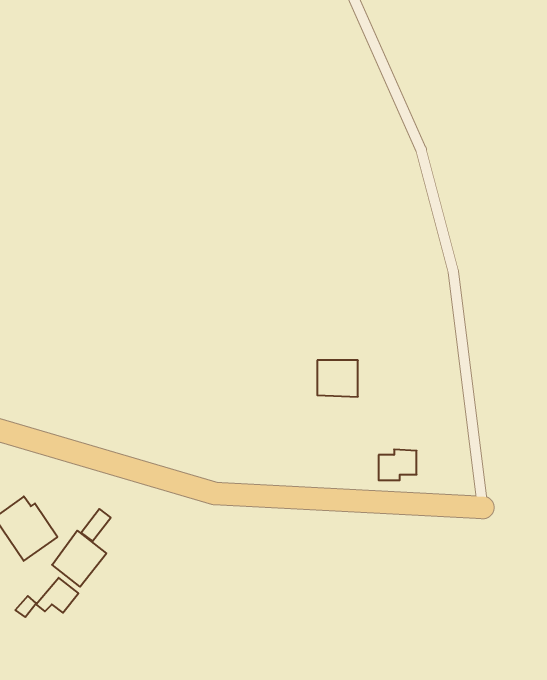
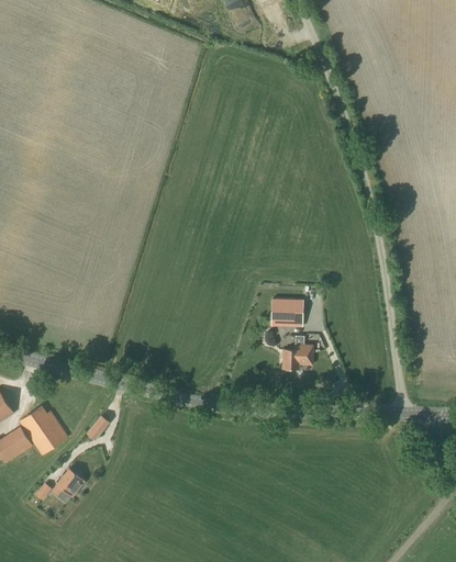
building: [379,449,417,480] -> [282,345,312,369]
building: [52,531,106,587] -> none

